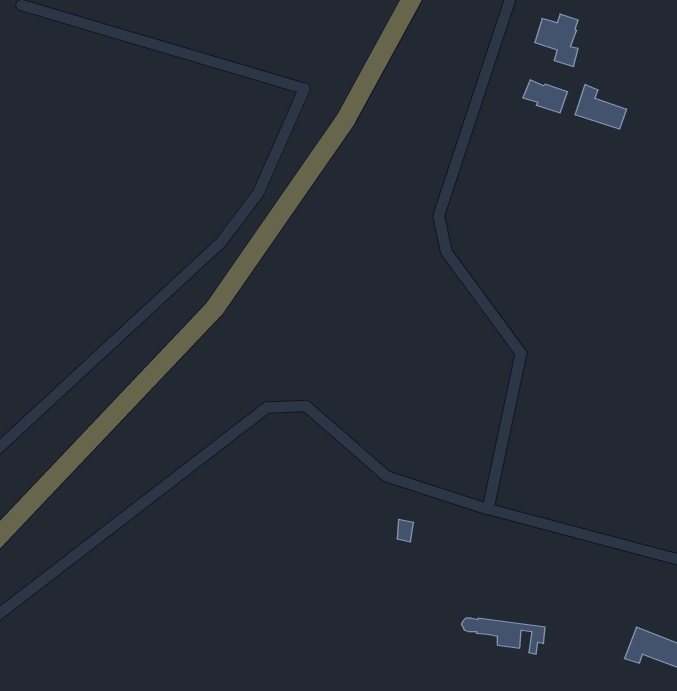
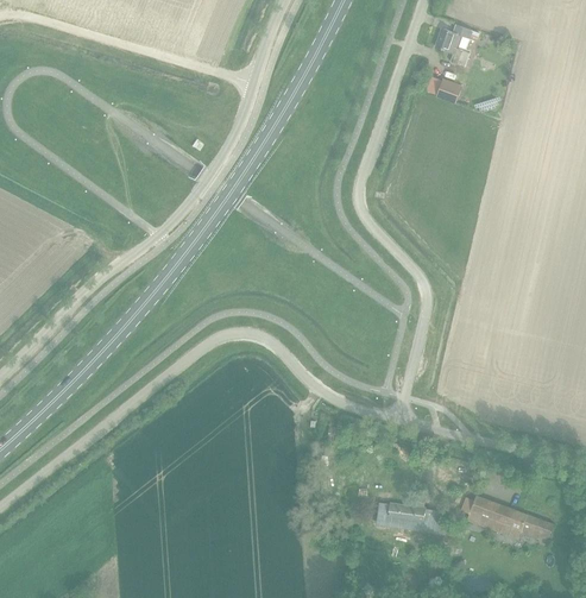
building: [575,84,627,129] -> none
building: none -> [466,495,515,535]

